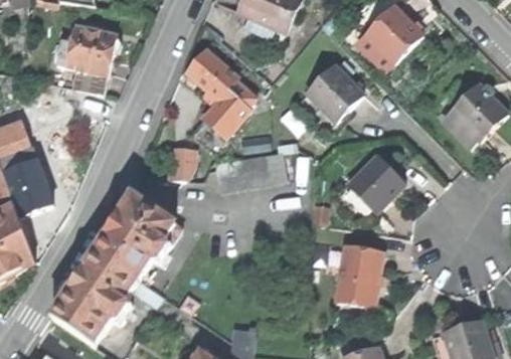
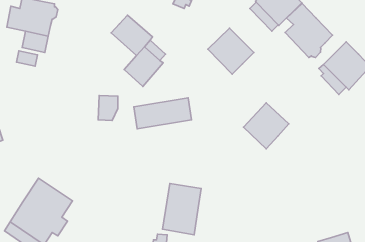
building: none -> [285,4,333,58]
building: [96,196,181,280] -> none
building: [334,243,382,307] -> [162,184,201,235]

